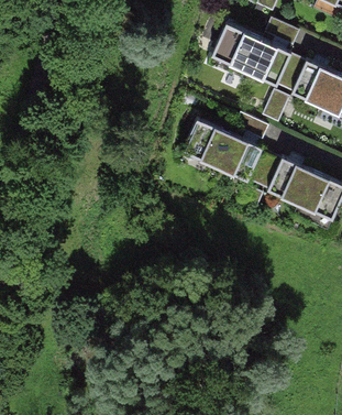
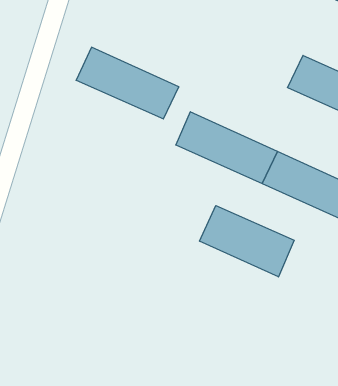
building: [205,22,307,94] -> [76,47,179,119]
building: none -> [200,206,294,277]

